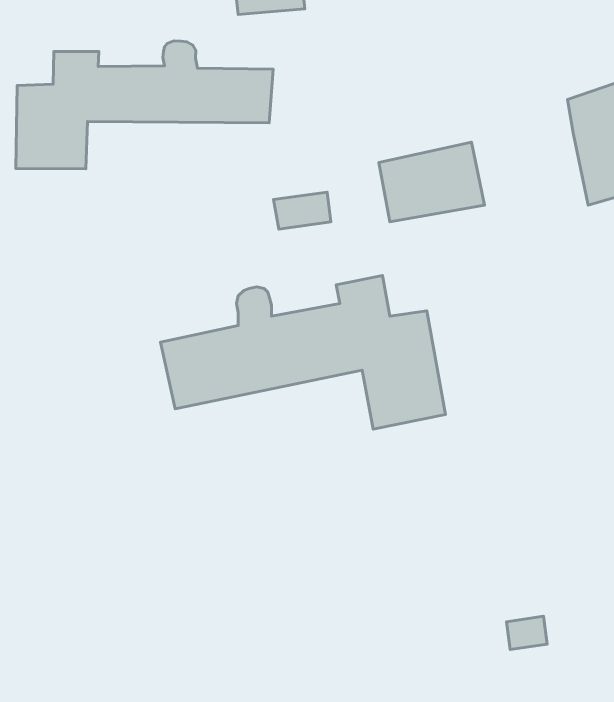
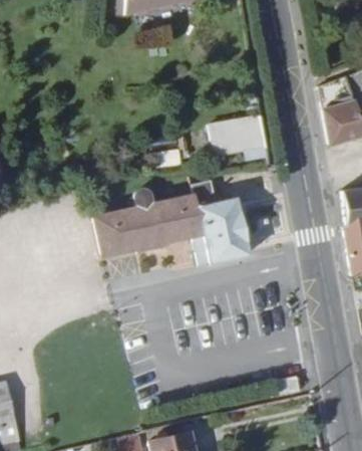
building: [16,41,273,169] -> none

